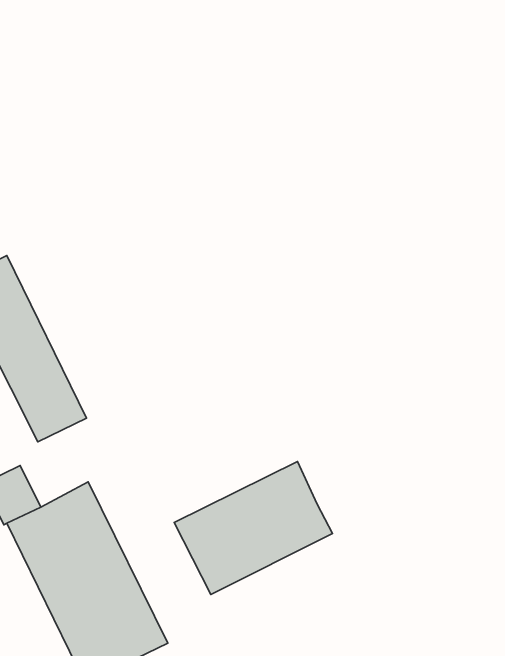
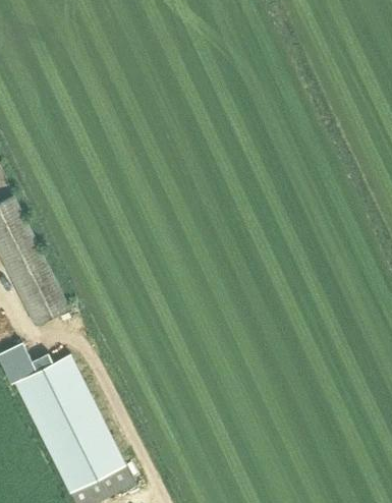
building: [174,461,332,595] -> none

